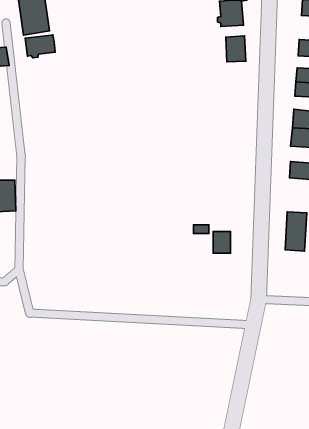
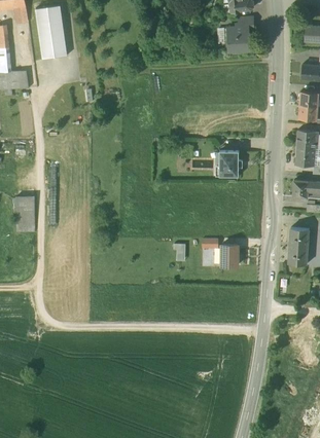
building: [25,35,55,58] -> none
building: [226,36,246,62] -> none
building: none -> [219,150,241,176]

